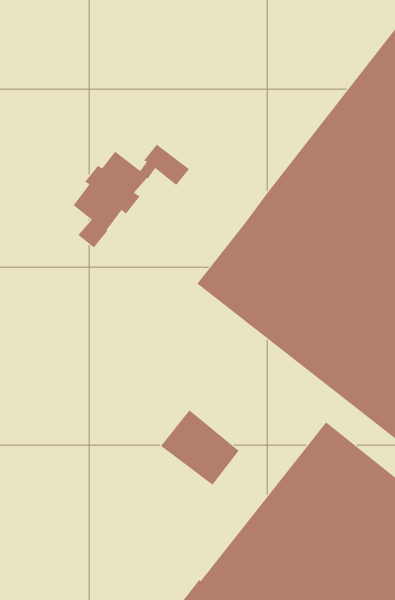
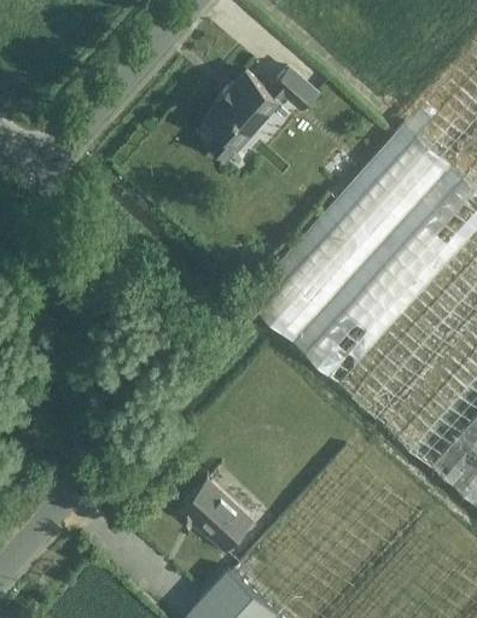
building: [73,144,190,248] -> [206,71,316,163]
building: [160,410,239,485] -> [180,483,252,554]

